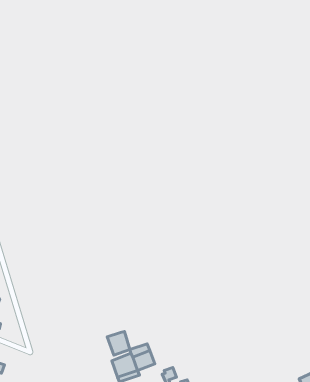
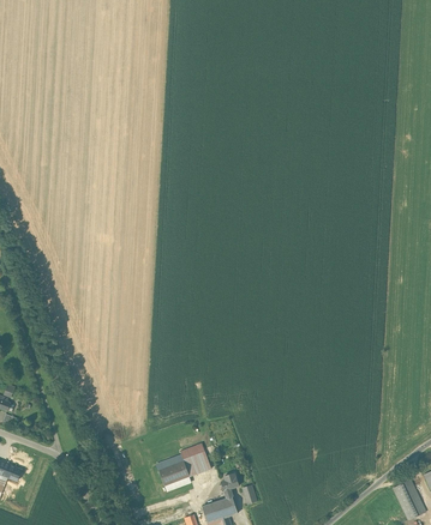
building: [107,331,130,355] -> none

